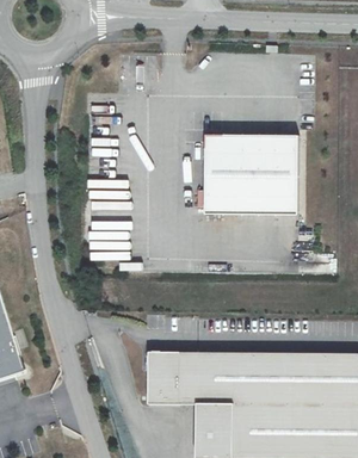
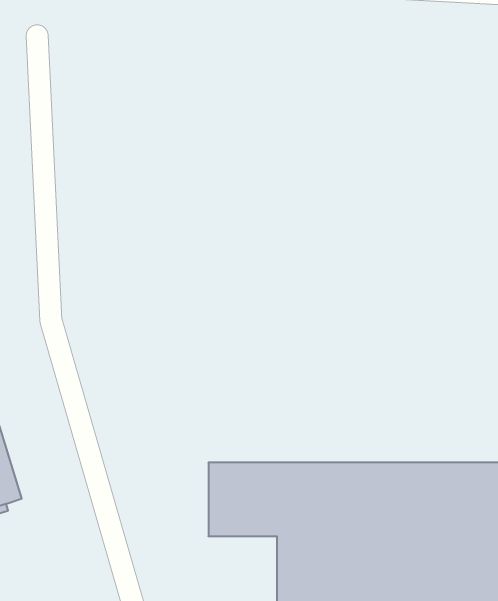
building: [208,132,301,211] -> none

